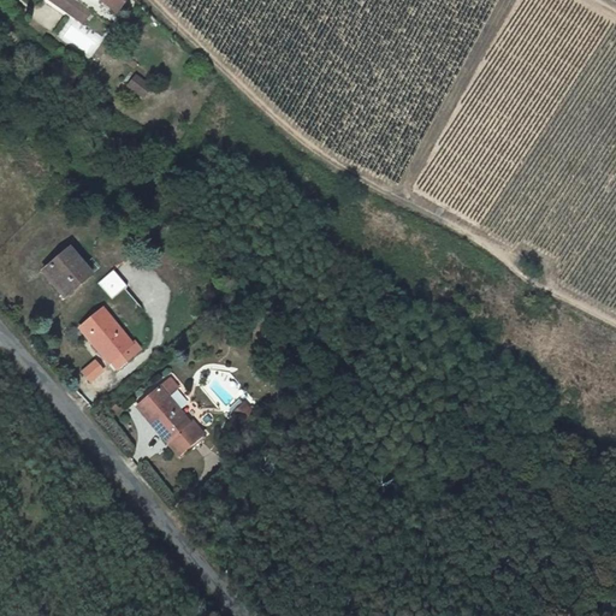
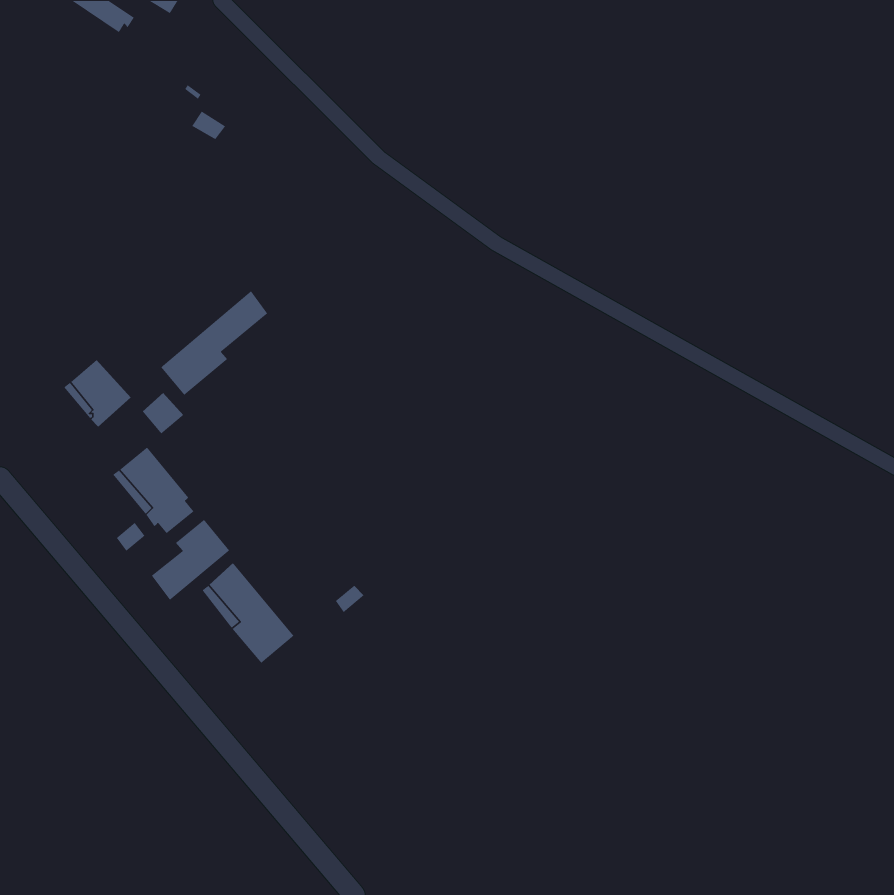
building: none -> [160,290,268,396]
building: none -> [151,519,230,601]

